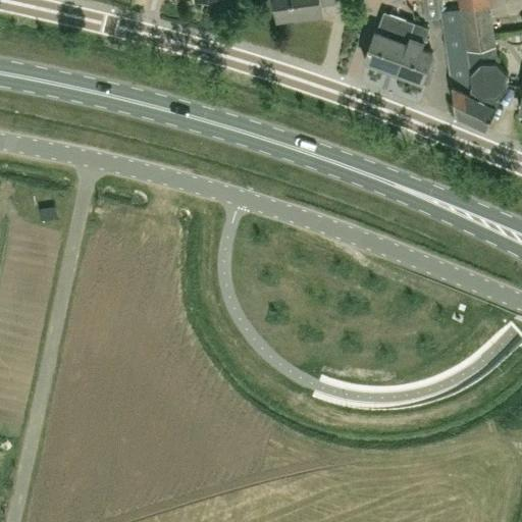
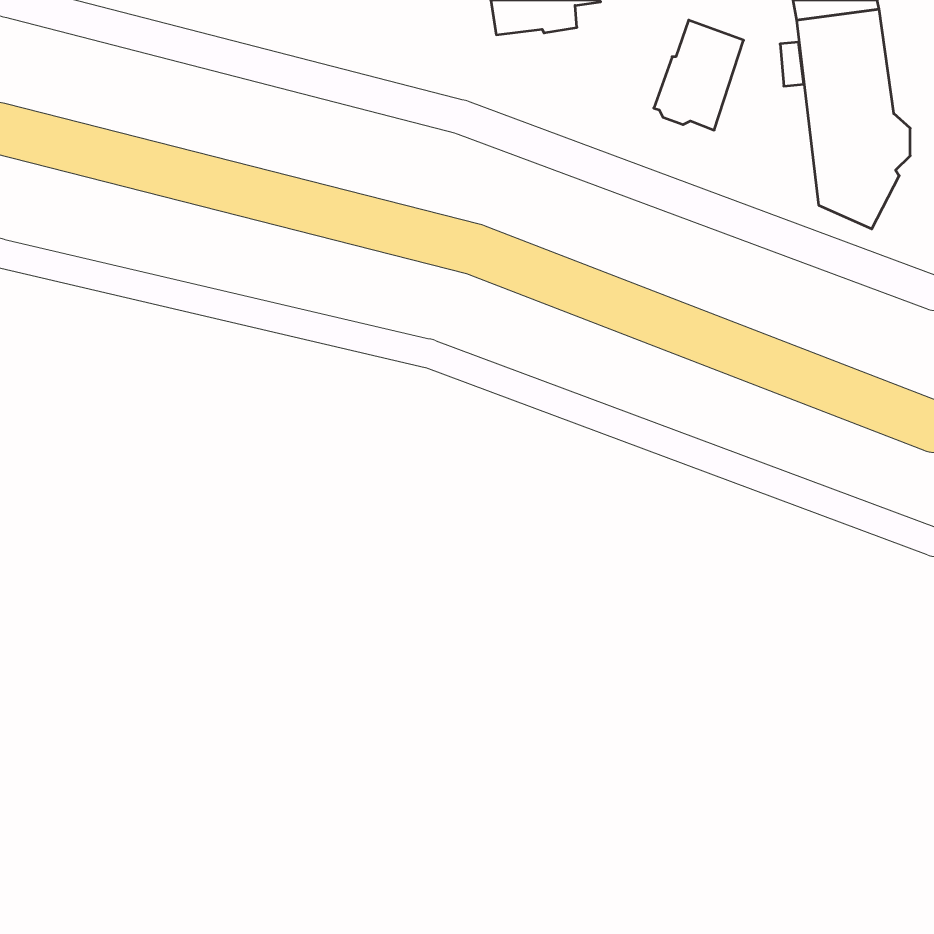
building: [398,23,433,85] -> none

